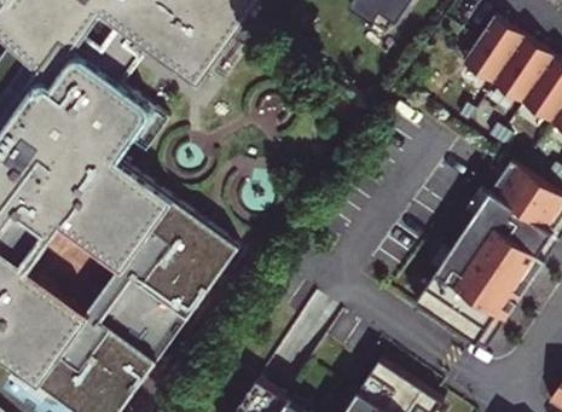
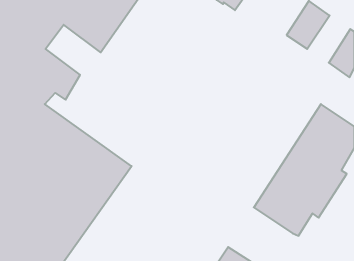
building: [488,35,549,101] -> none

